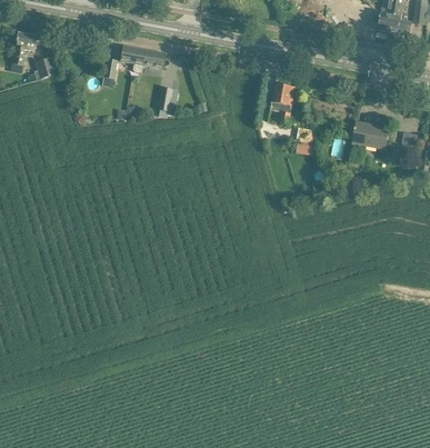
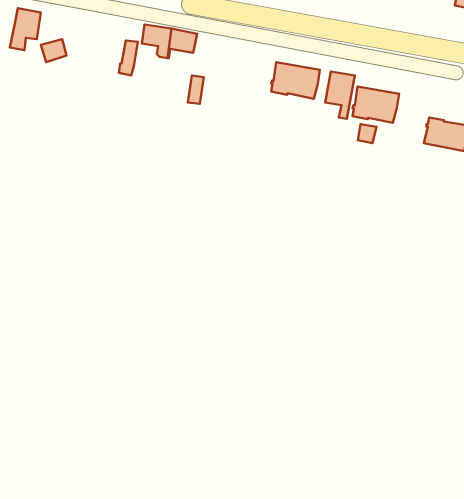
building: none -> [271,62,320,99]
building: none -> [352,87,399,123]

